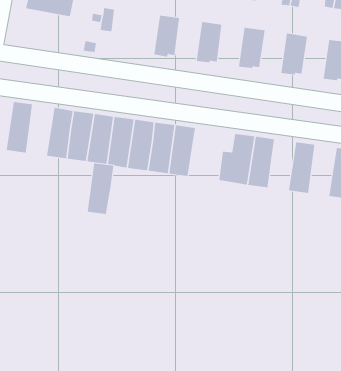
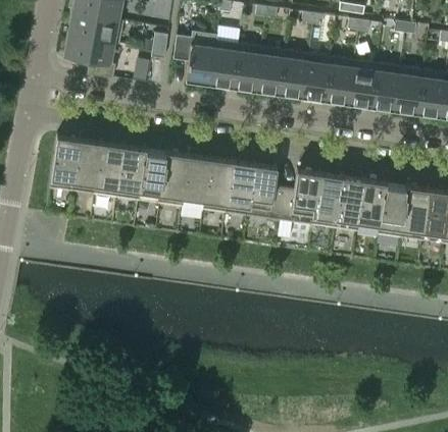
building: none -> [175,33,217,85]
building: none -> [66,34,120,79]
building: none -> [234,45,262,92]
building: none -> [280,52,308,98]
building: none -> [326,58,354,105]
building: none -> [371,65,400,111]
building: none -> [248,164,285,221]
building: none -> [335,176,364,232]
building: none -> [379,182,408,238]
building: [87,163,114,214] -> [72,139,102,195]

